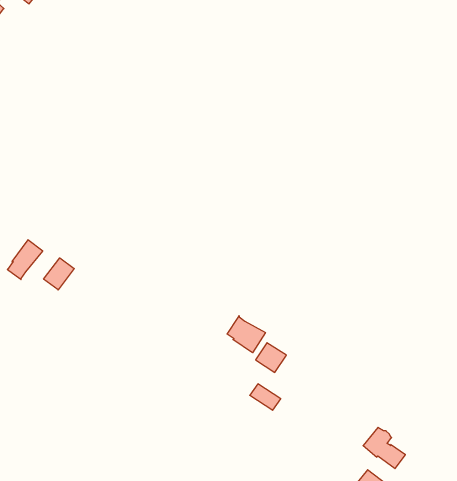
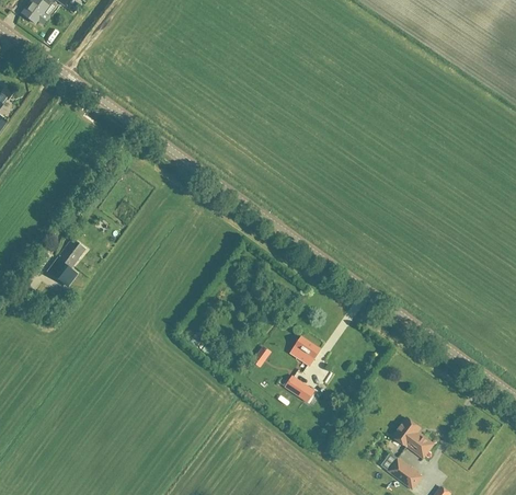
building: [44,258,74,290] -> none
building: [227,316,265,353] -> none

